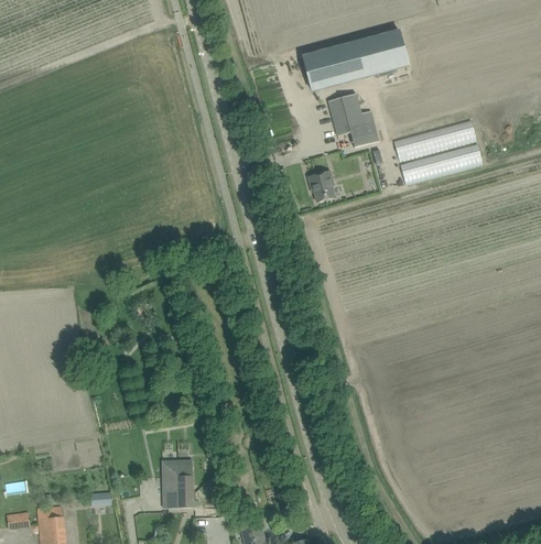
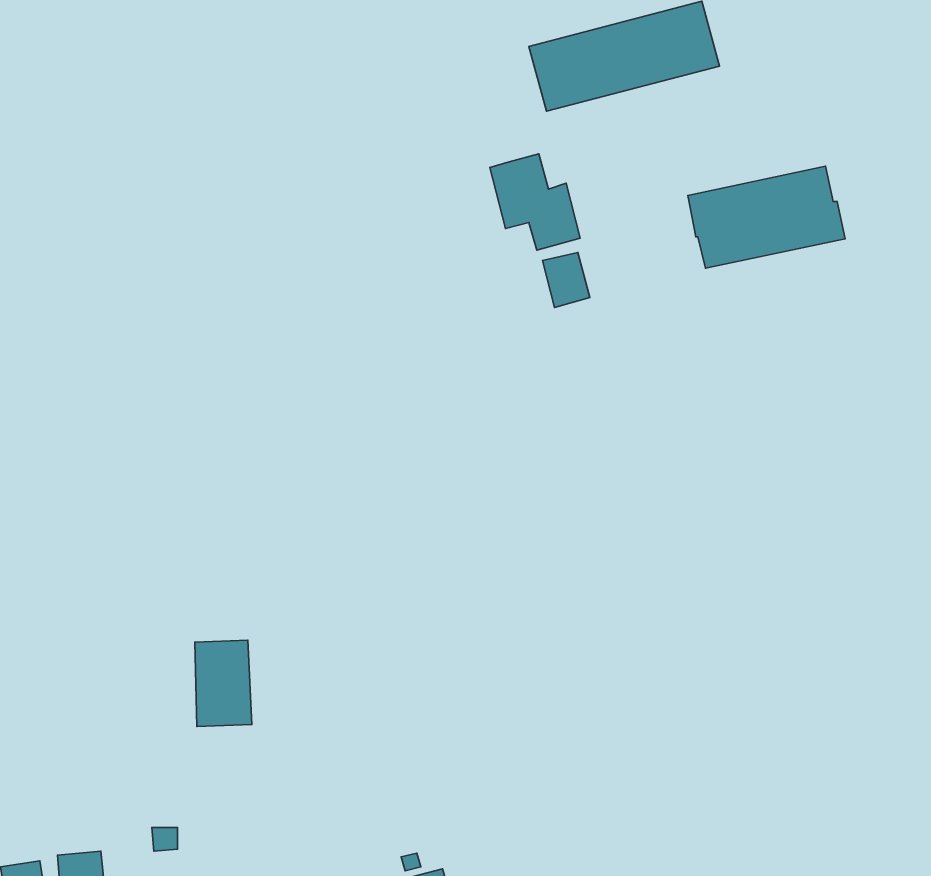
building: [328,94,379,148] -> [490,154,580,250]
building: [162,460,194,509] -> [195,640,252,727]

